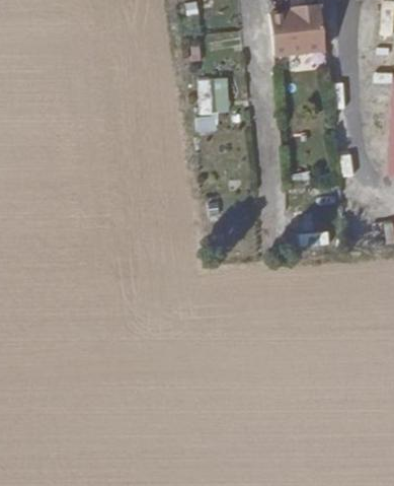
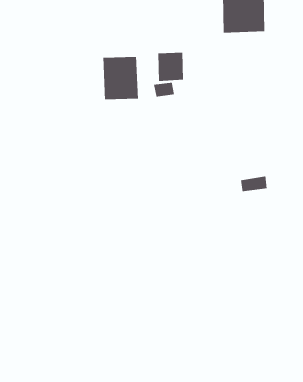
building: none -> [103,56,138,100]

